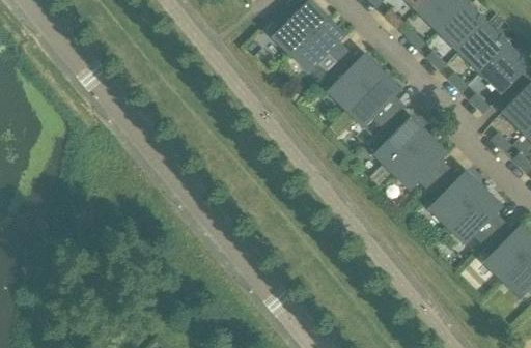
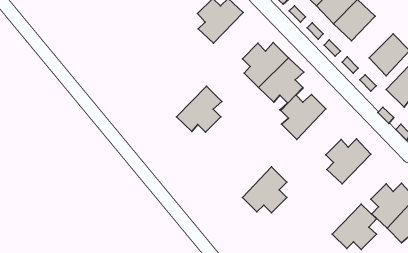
building: [291,19,346,75] -> [177,86,222,132]
building: [459,23,510,74] -> none
building: [393,136,447,192] -> [242,167,287,213]
building: [448,191,502,245] -> [332,204,376,249]

